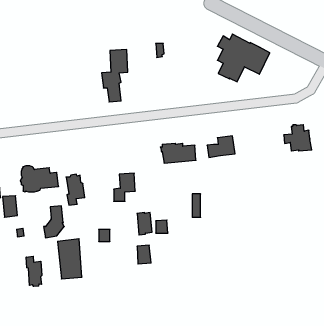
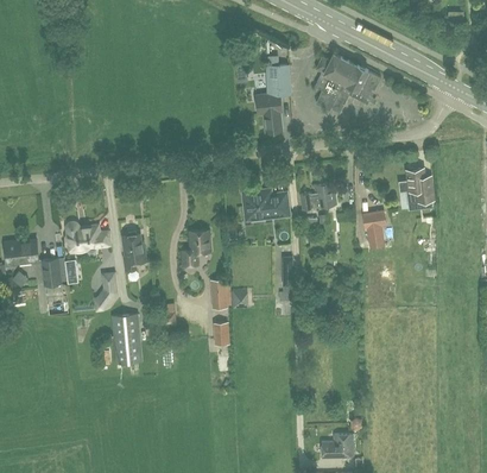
building: [102,50,128,102] -> [255,64,289,131]
building: none -> [361,209,385,247]
building: [26,256,42,286] -> none

